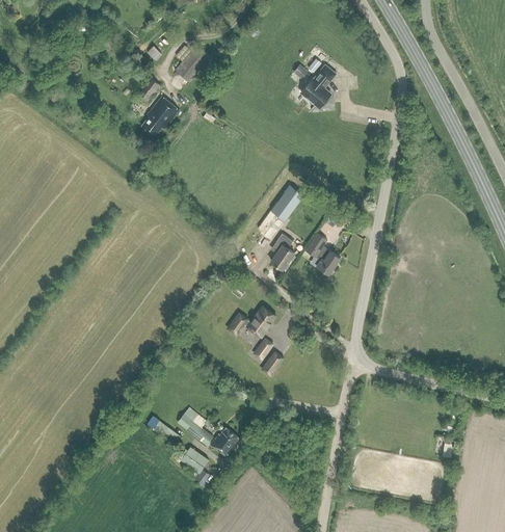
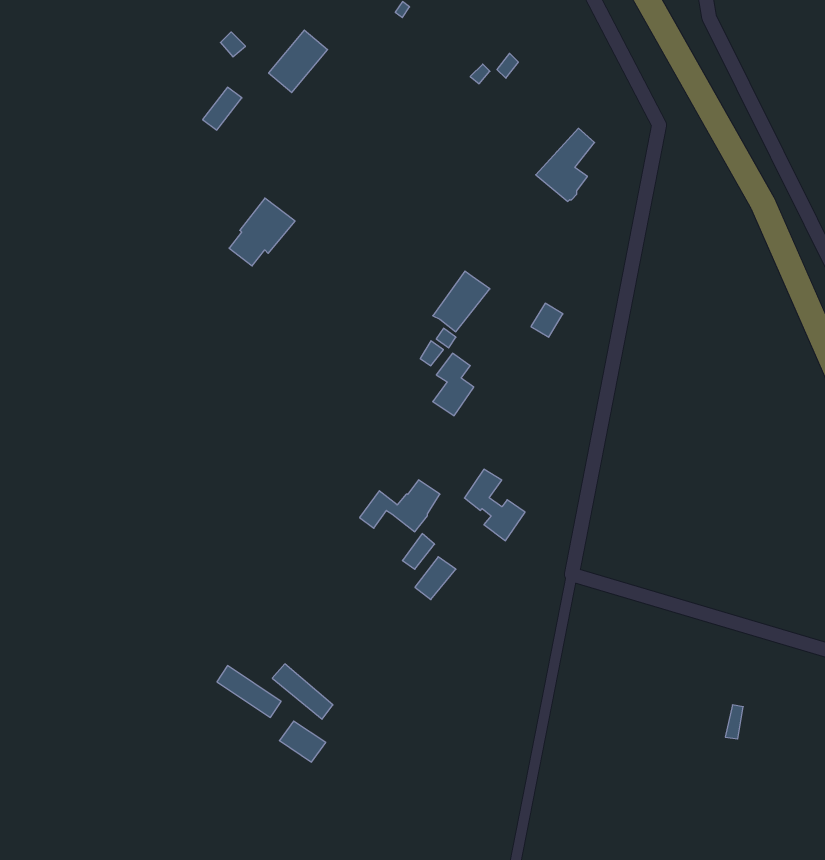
building: [300,64,335,107] -> [536,128,595,201]
building: [141,97,180,136] -> [229,198,295,266]
building: [305,233,341,274] -> [464,469,525,541]
building: [211,427,239,456] -> none

